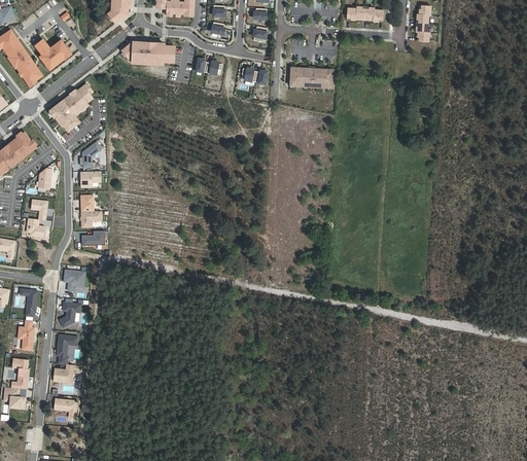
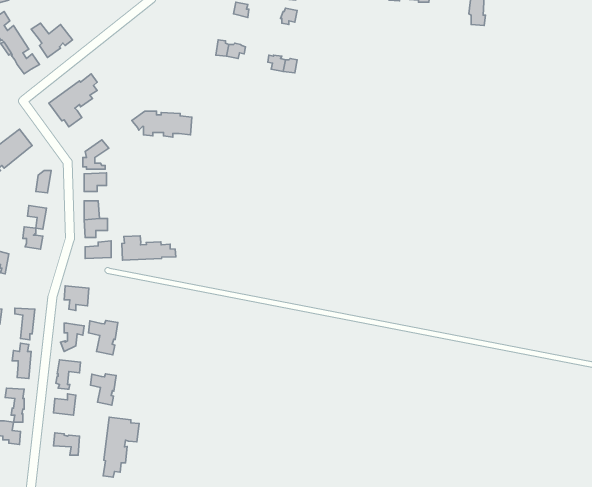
building: [121,42,174,65] -> [132,111,192,137]
building: [289,66,332,87] -> none
building: none -> [122,236,176,260]
building: none -> [88,321,118,355]
building: none -> [91,374,116,405]
building: none -> [103,417,139,477]

